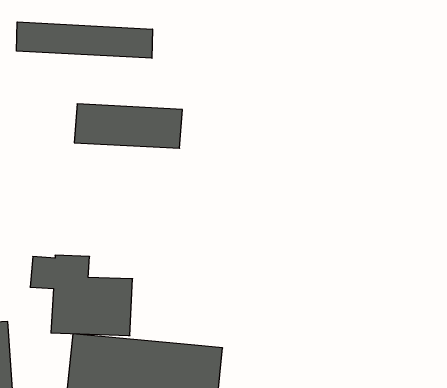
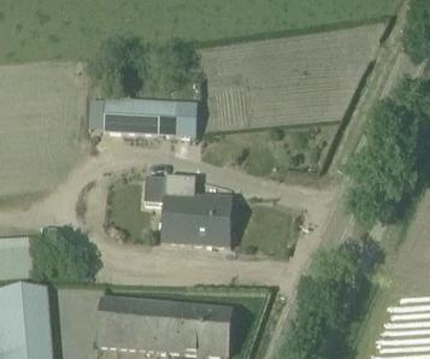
building: [17,22,152,58] -> none
building: [30,255,133,336] -> [143,175,232,245]

